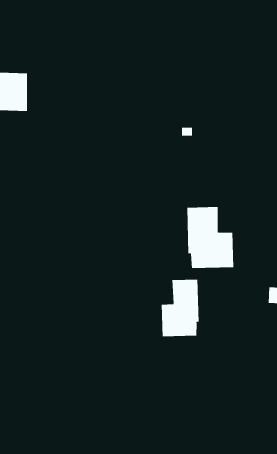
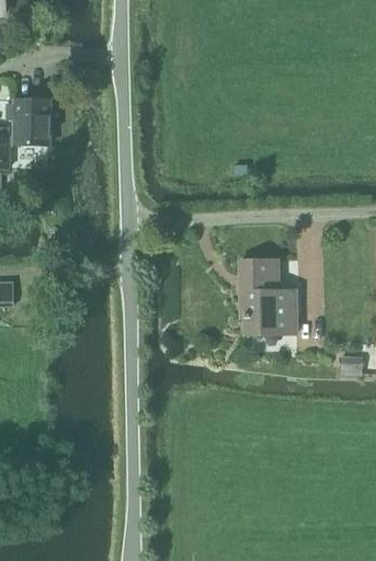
building: [161,279,199,337] -> none

